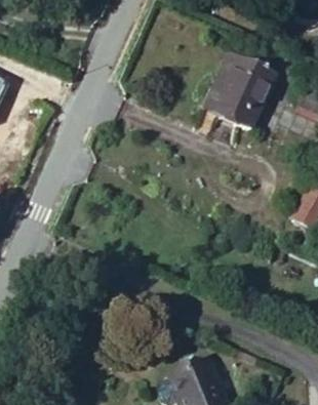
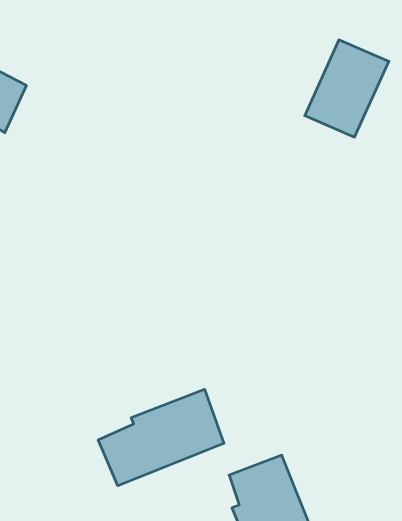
building: none -> [98,389,224,486]

